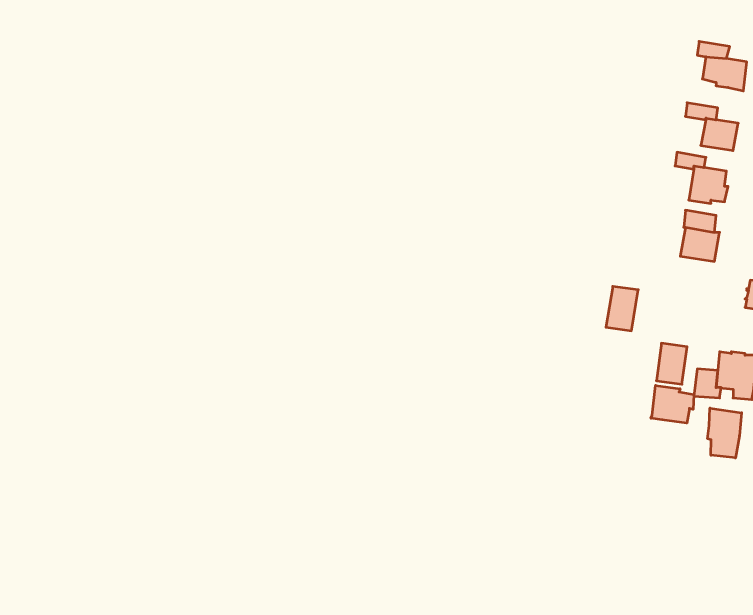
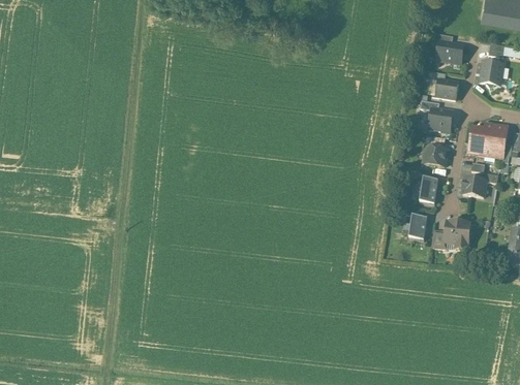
building: [606,286,638,331] -> [420,178,439,204]
building: [651,385,694,423] -> none
building: [708,408,742,458] -> none

